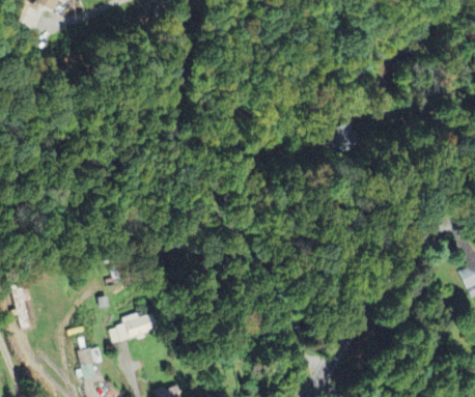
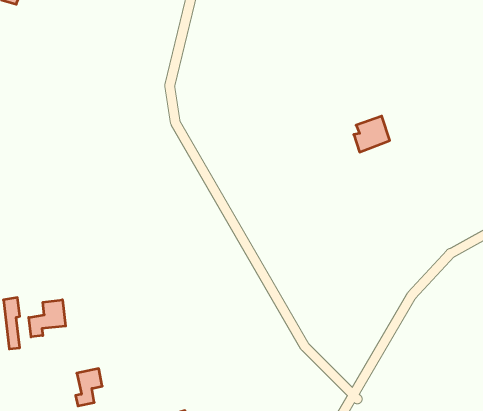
building: none -> [29,300,66,337]
building: [115,311,153,340] -> none

